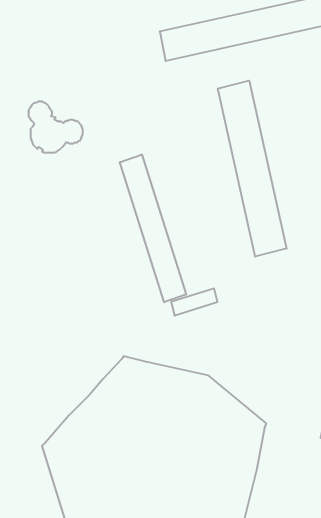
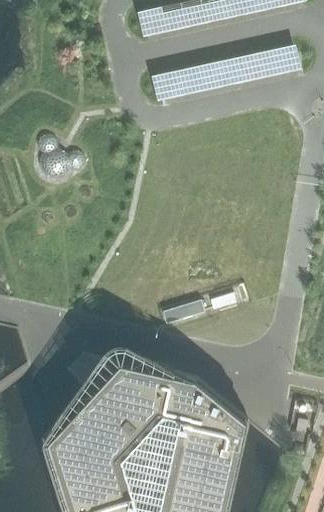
building: [218,81,287,257] -> none
building: [120,154,186,302] -> none

